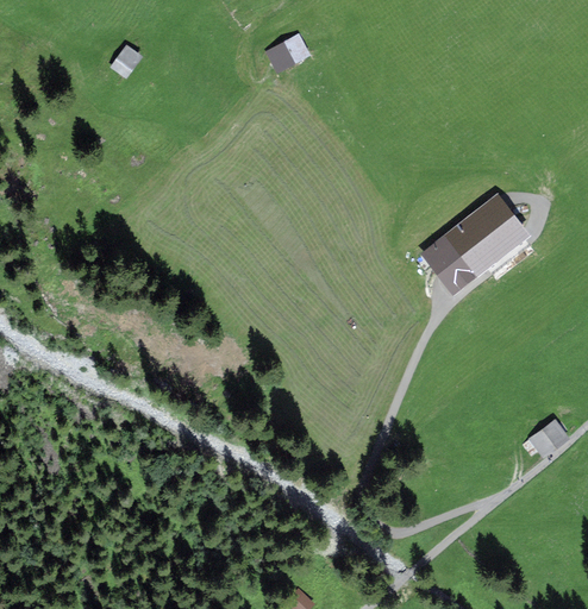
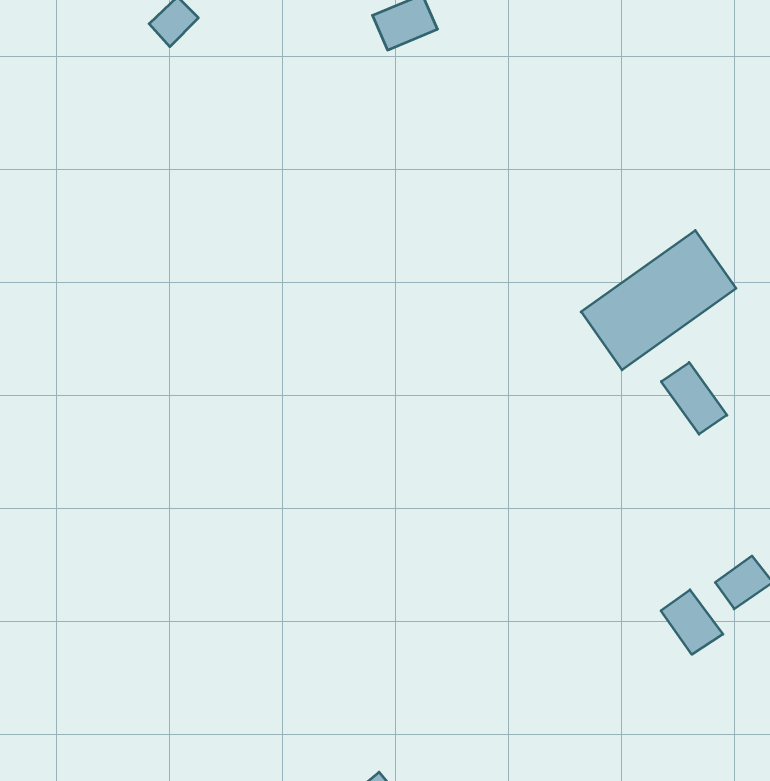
building: none -> [661,362,727,434]
building: none -> [661,590,723,654]

